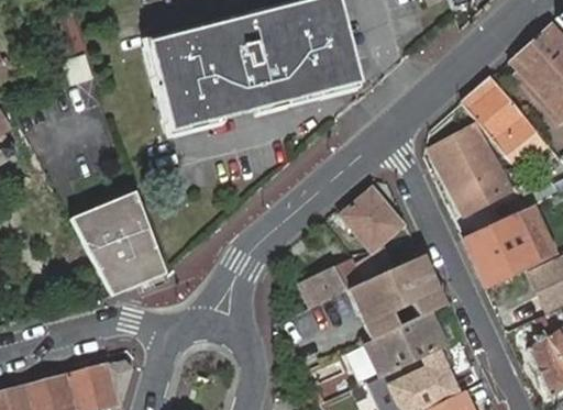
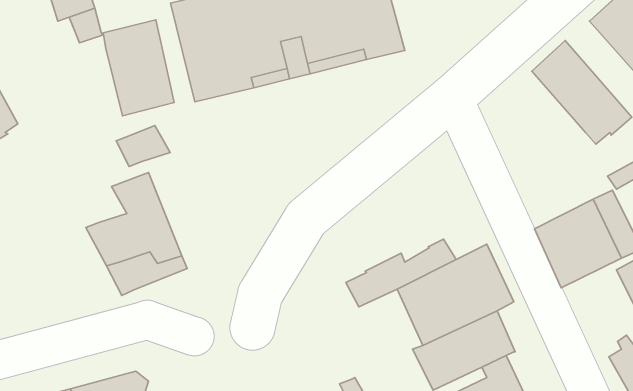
building: none -> [103,20,174,116]
building: [433,124,512,212] -> none
building: [342,186,405,248] -> none
building: [68,201,114,236] -> [116,126,170,167]

